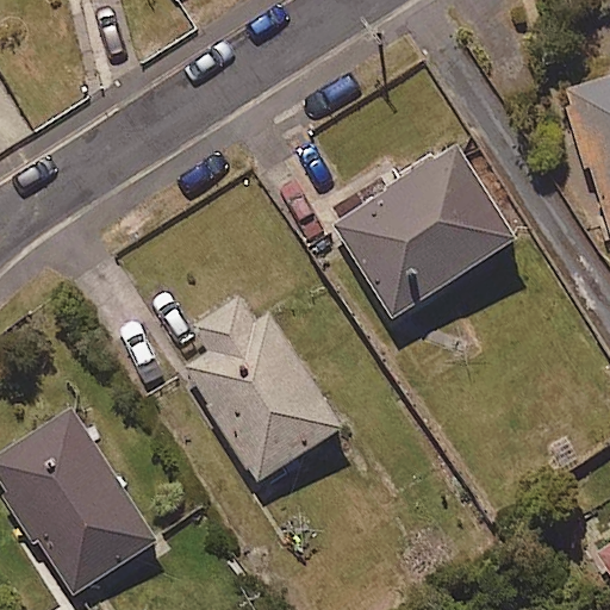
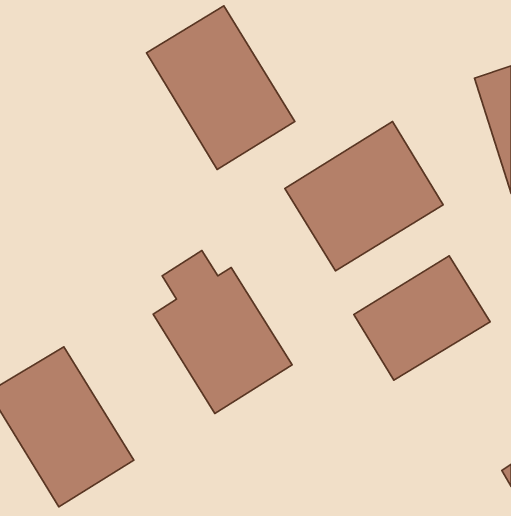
building: none -> [147,6,295,170]
building: none -> [354,256,490,380]

